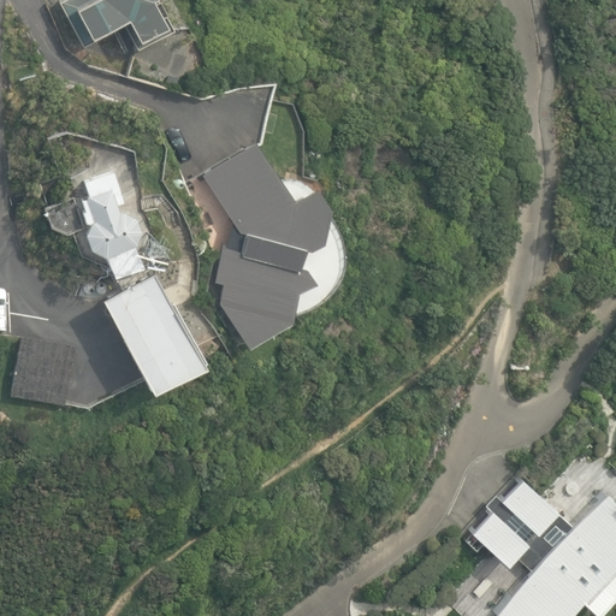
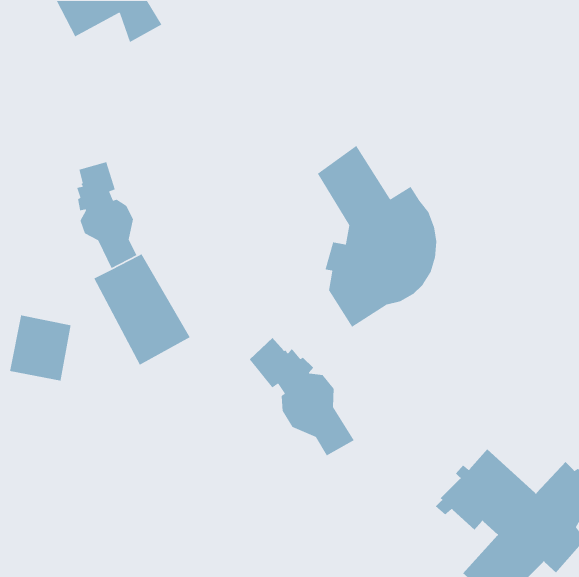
building: [209,147,337,340] -> [317,145,437,328]
building: none -> [249,337,355,457]

